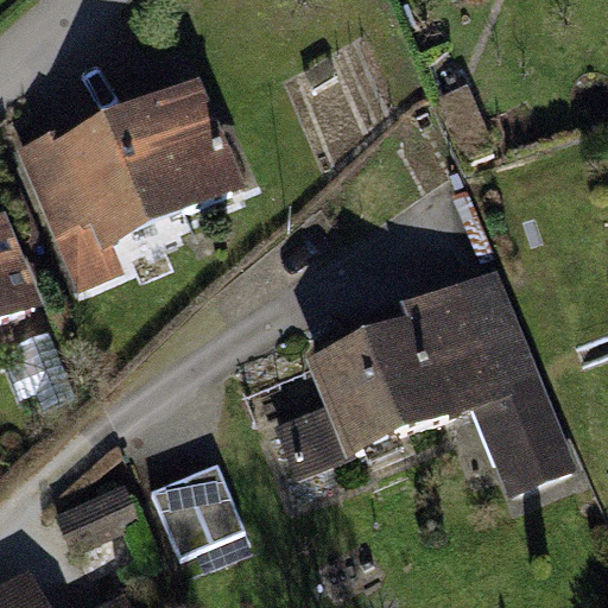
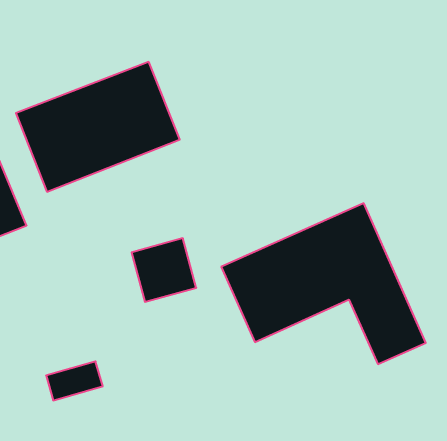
building: [157,461,243,546] -> [132,238,196,302]

